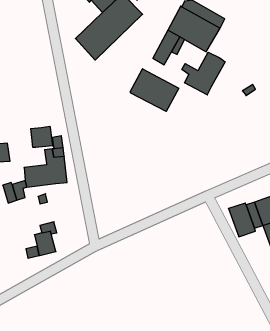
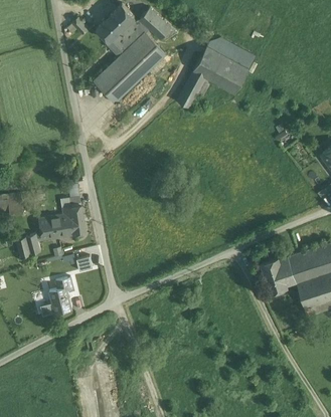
building: [182,52,225,95] -> none
building: [130,69,179,111] -> none
building: [31,126,52,147] -> none

